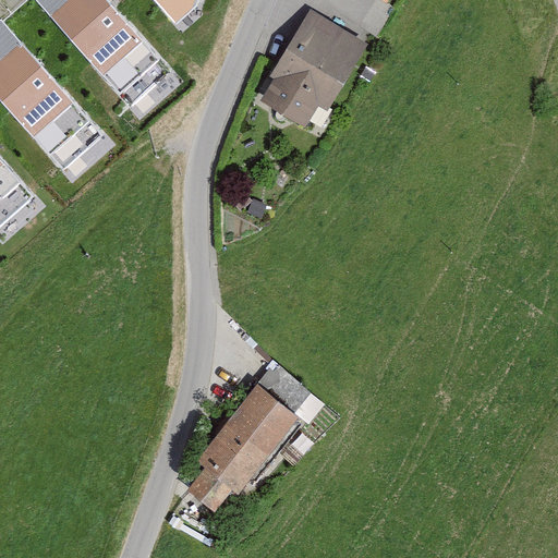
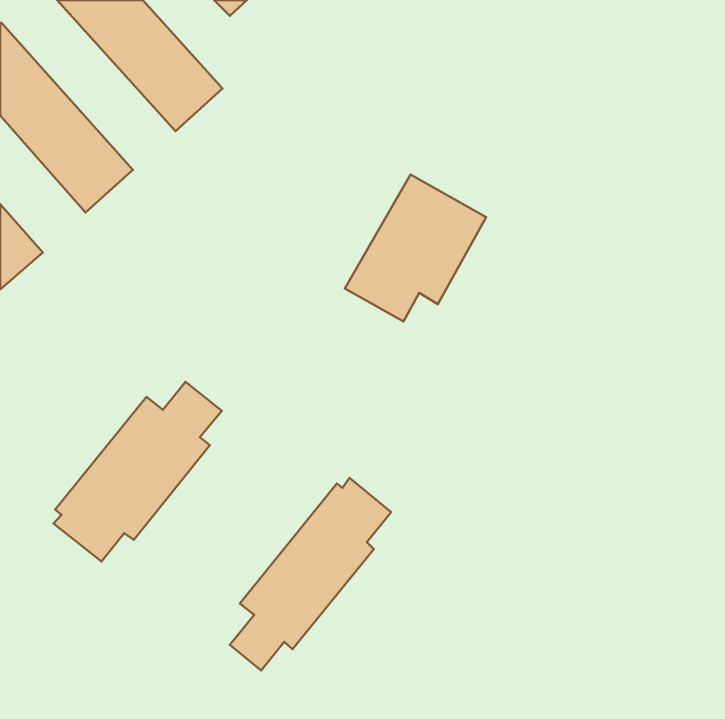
building: [251,22,359,134] -> [345,174,486,321]
building: none -> [53,382,222,562]

